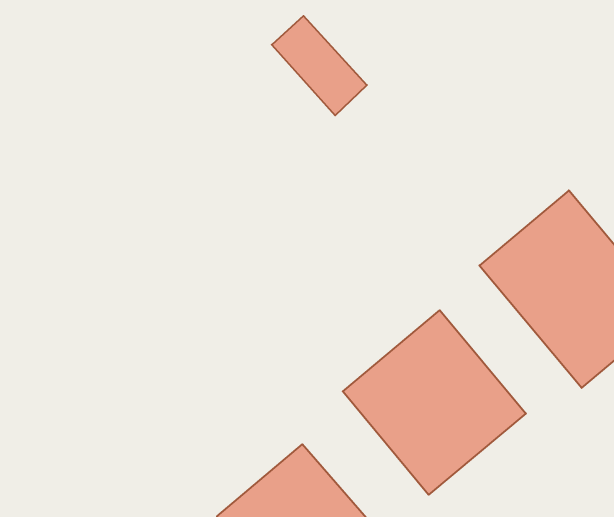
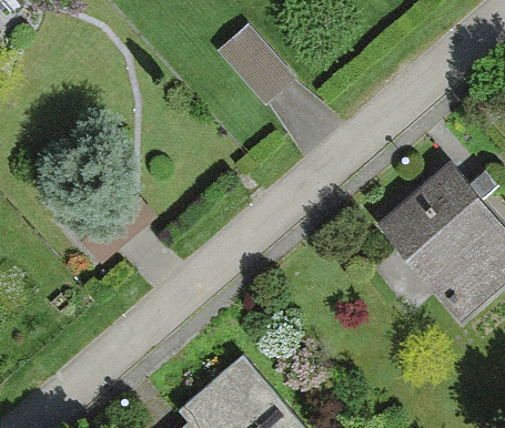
building: [343,310,526,495] -> none

